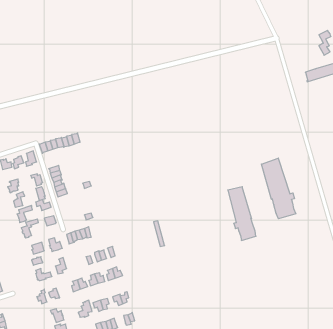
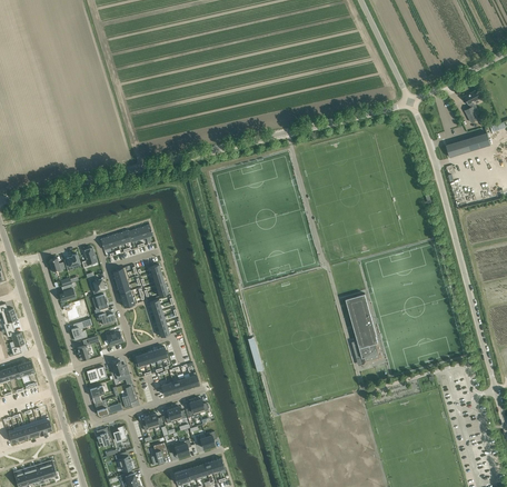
building: [261,158,296,219] -> none

